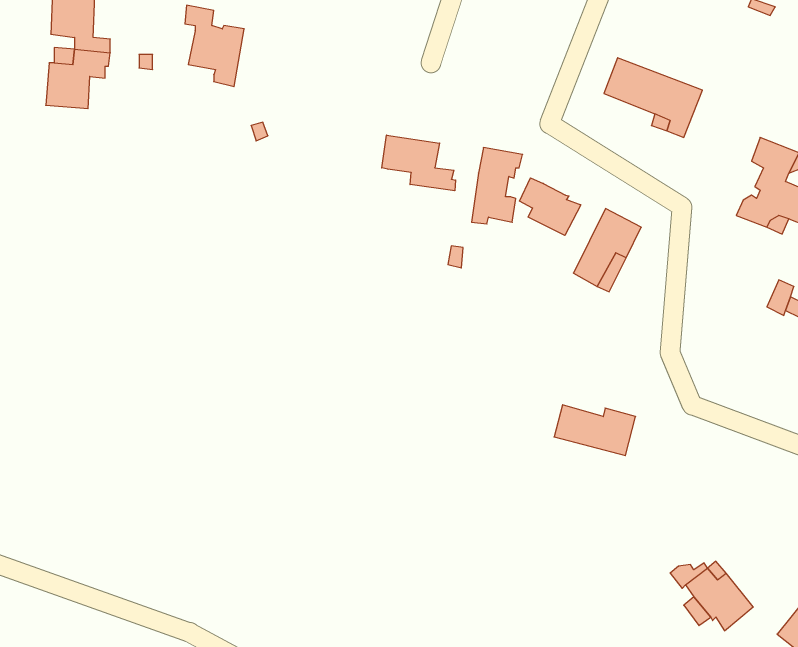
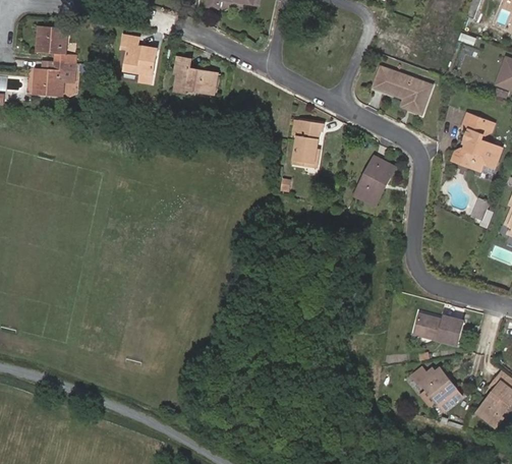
building: none -> [174,57,212,93]
building: [382,135,456,191] -> none
building: [520,178,581,235] -> none
building: [554,405,636,456] -> [413,313,462,344]

